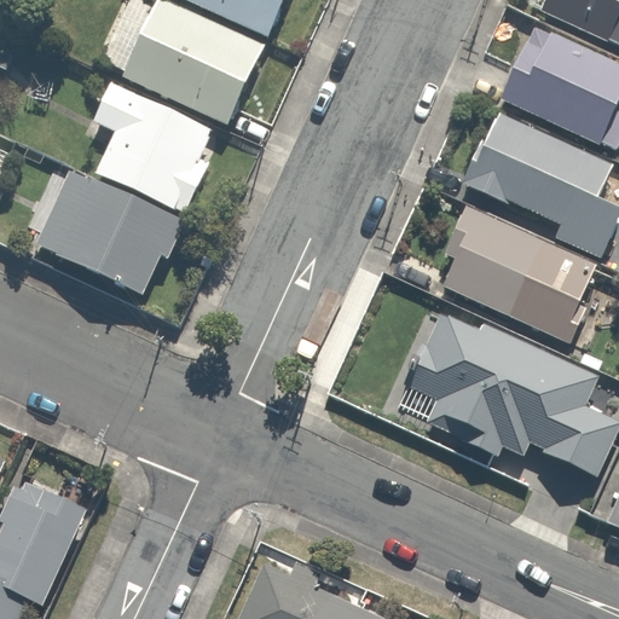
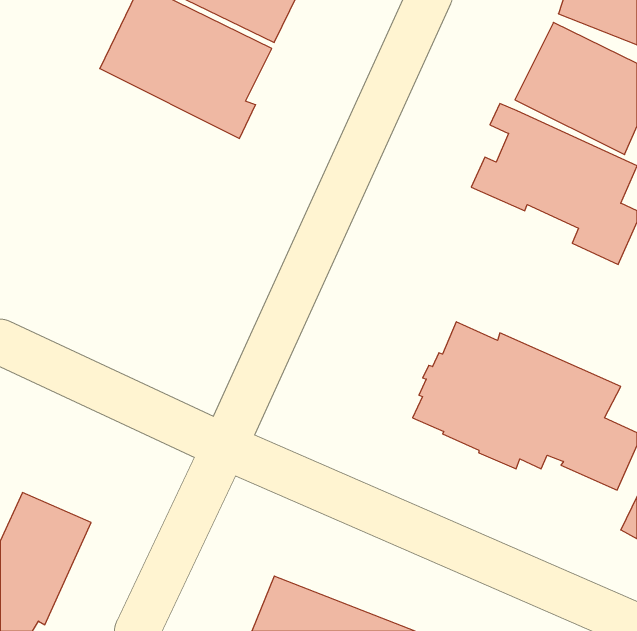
building: [91,82,212,208] -> none
building: [27,164,183,297] -> none
building: [444,204,609,368] -> none

